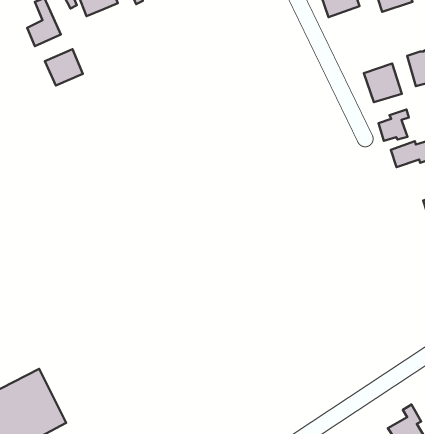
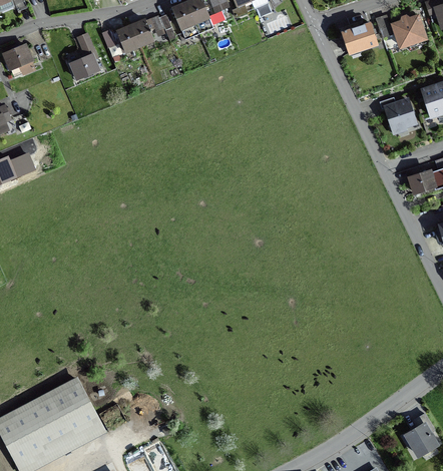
building: [45,49,83,86] -> none
building: [378,109,409,141] -> none

